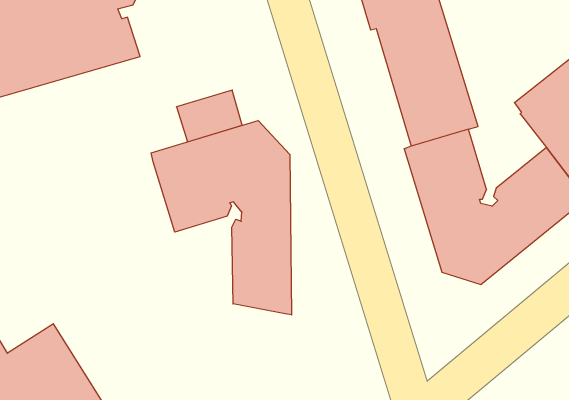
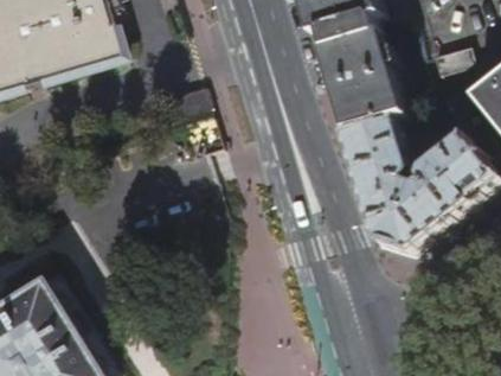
building: [151,121,292,315] -> none

